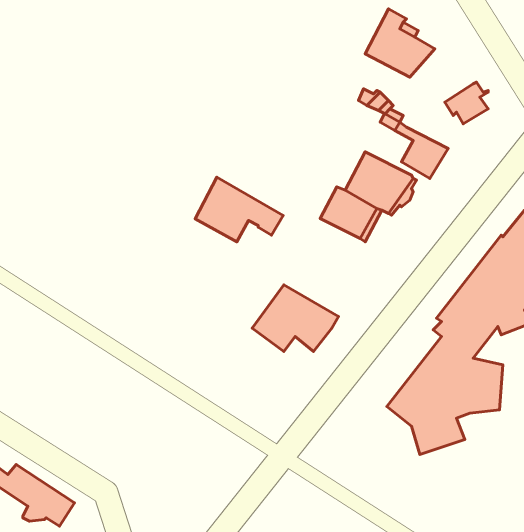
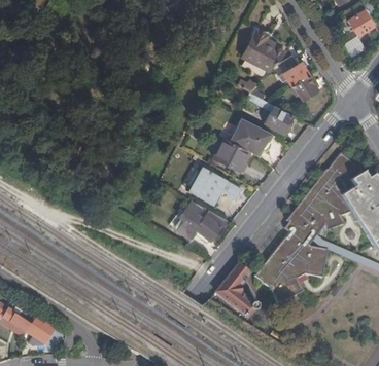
building: none -> [279,54,309,86]
building: [195,177,283,242] -> [187,164,242,205]
building: none -> [217,262,260,314]

